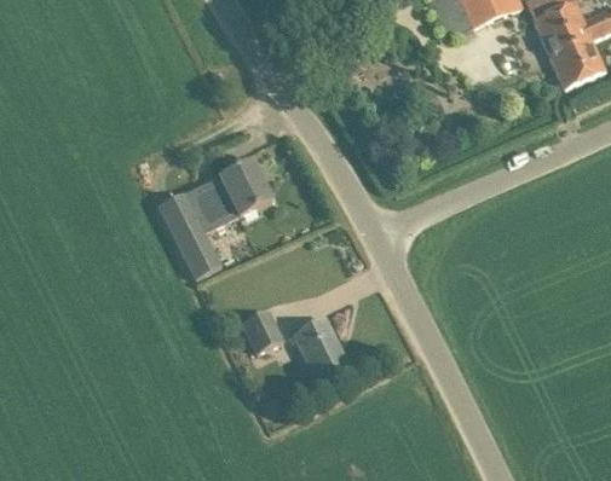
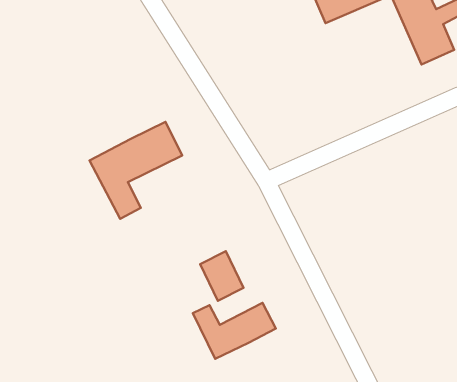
building: [241,308,283,353] -> none
building: none -> [193,303,276,359]

